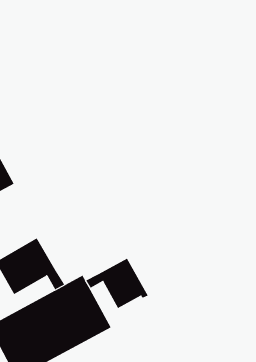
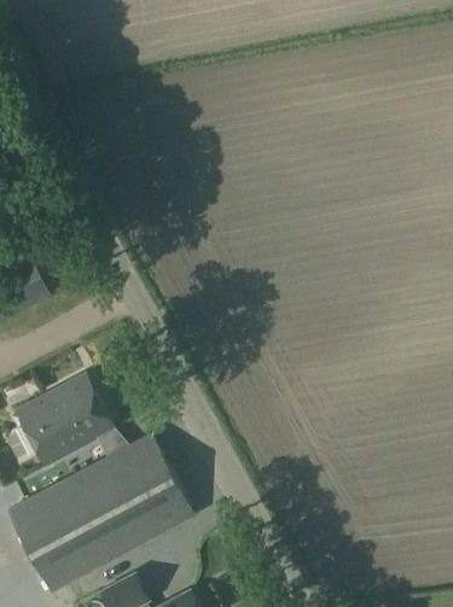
building: [86,258,148,309] -> none

